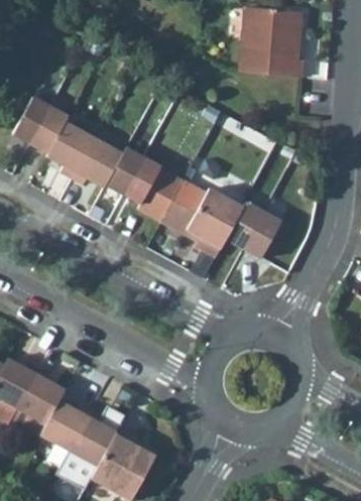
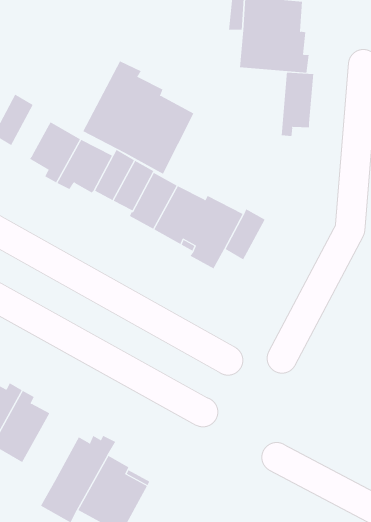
building: none -> [82,60,194,175]
building: none -> [281,72,314,137]
building: [30,107,69,153] -> none
building: [243,212,281,258] -> none
building: [40,400,92,451] -> none

